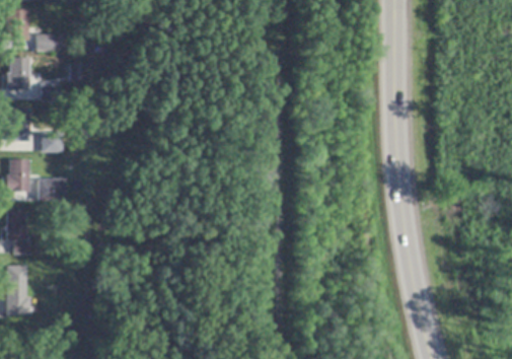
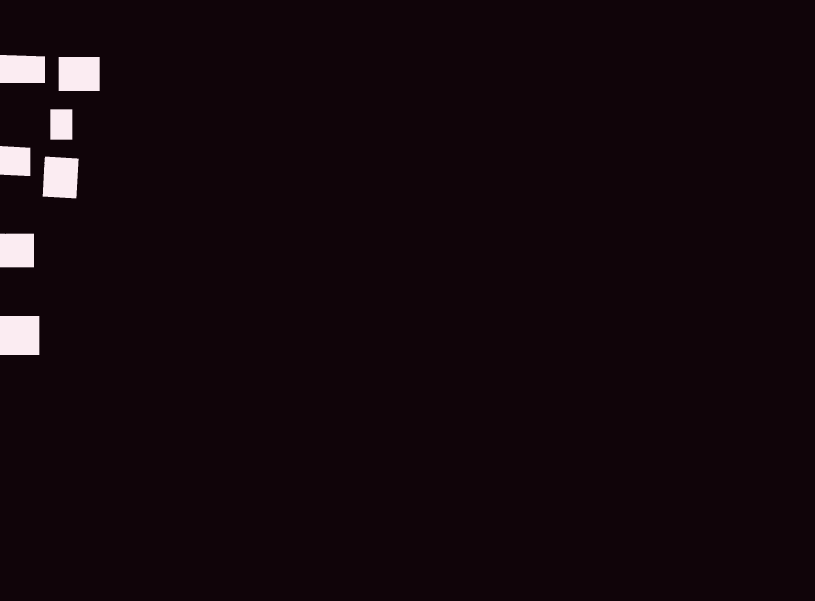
building: none -> [58,56,100,92]
building: none -> [42,156,79,199]

